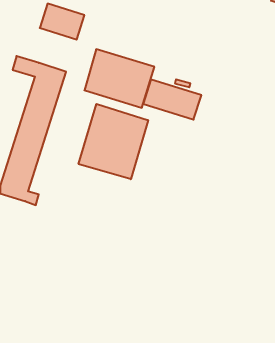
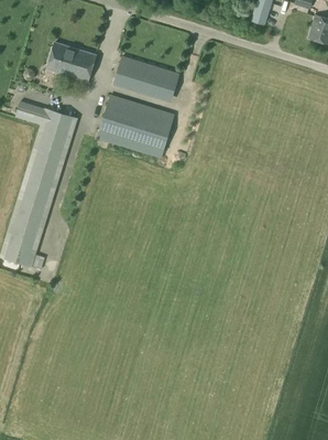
building: [143,80,201,120] -> [113,55,179,100]
building: [79,104,148,179] -> none

